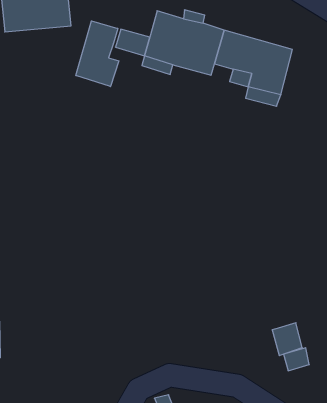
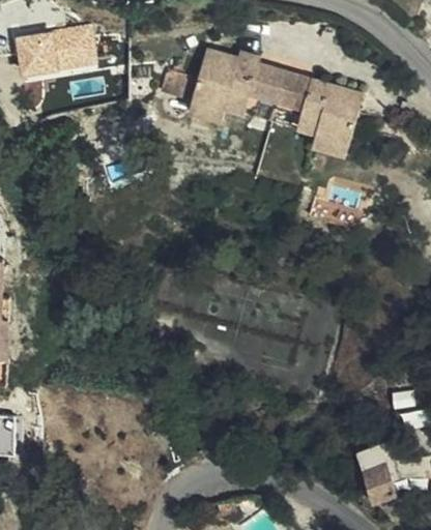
building: [76,21,119,87] -> none
building: [272,323,302,356] -> [356,462,392,500]

